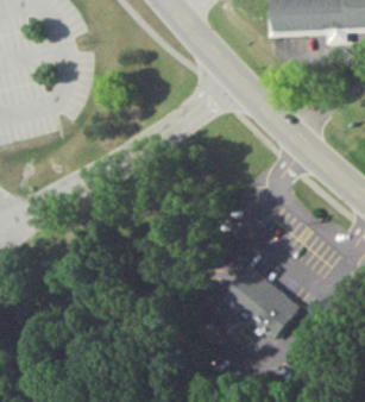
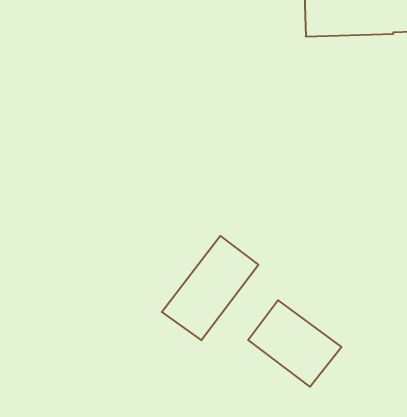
building: none -> [162,236,258,340]

